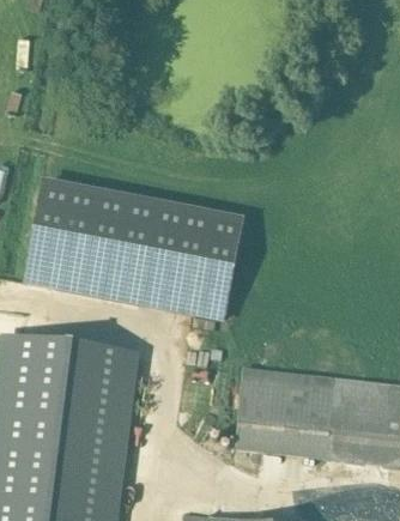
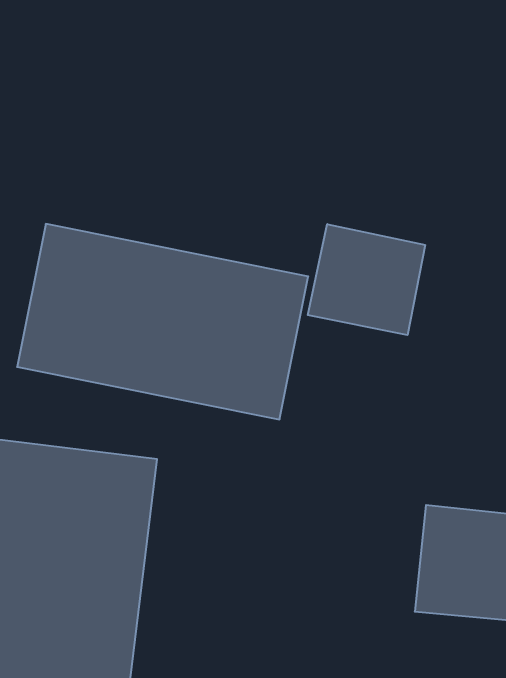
building: none -> [308,224,425,335]
building: [235,375,333,465] -> none

